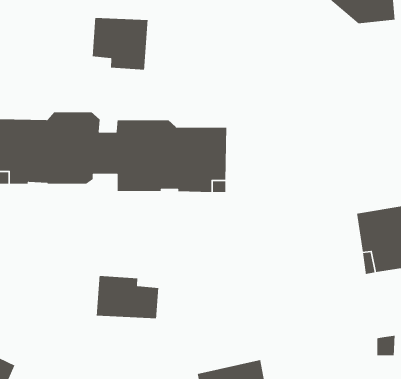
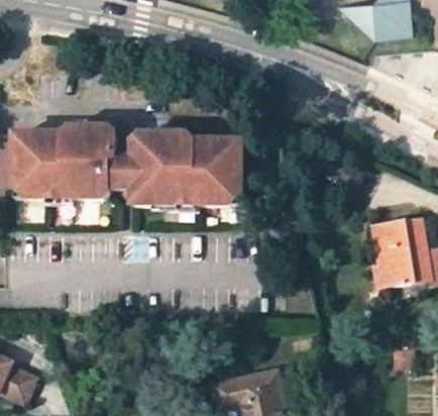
building: [92,17,149,70] -> none
building: [96,275,159,319] -> none

